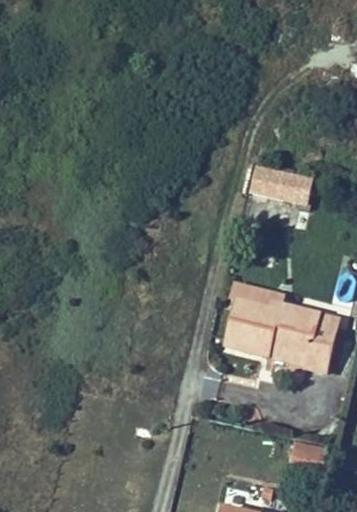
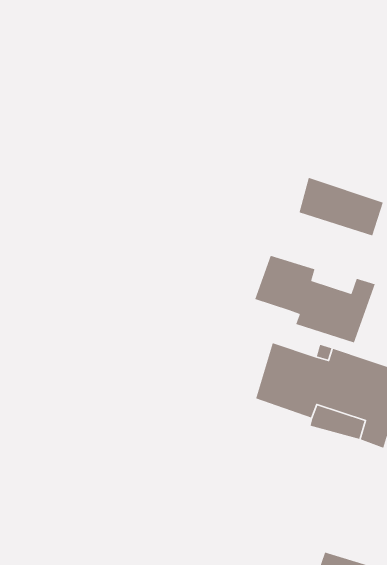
building: none -> [254,255,376,343]

